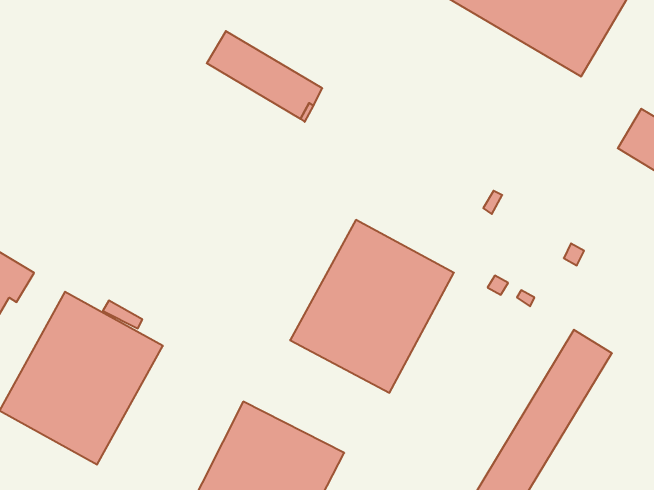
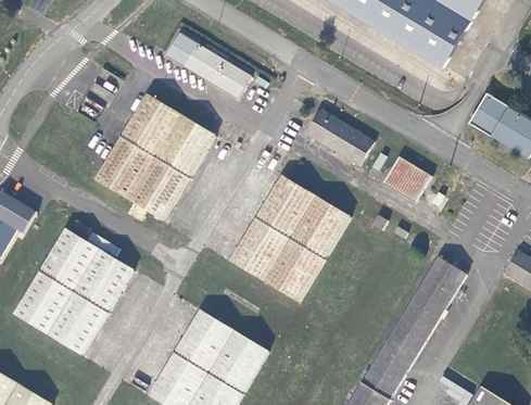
building: none -> [92,92,214,220]
building: none -> [307,110,375,165]
building: none -> [384,156,432,202]

